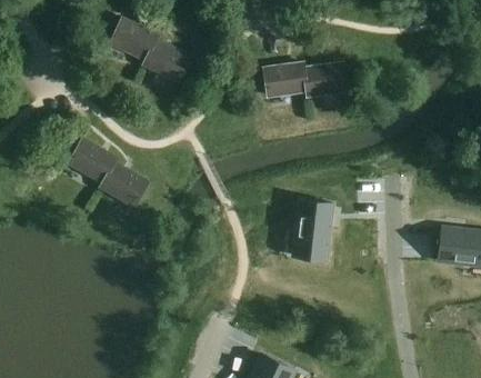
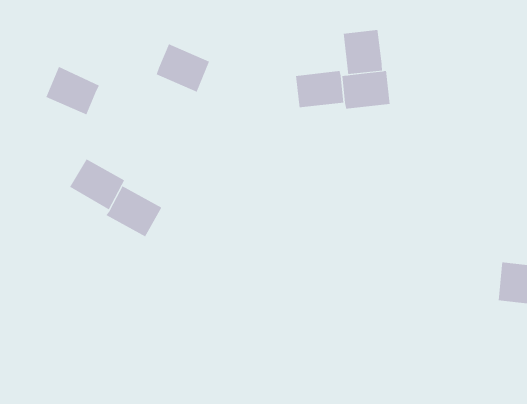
building: [110,19,157,61] -> [46,66,100,115]
building: none -> [343,29,382,75]
building: [292,200,333,262] -> none

